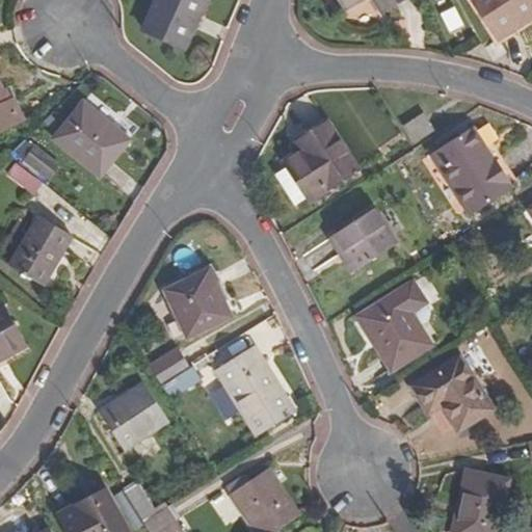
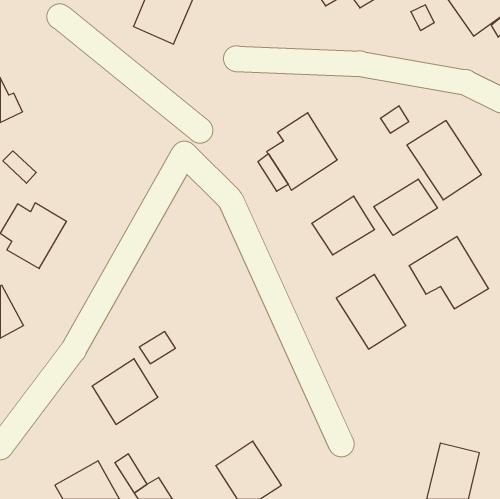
building: [53,102,130,177] -> none
building: [18,140,60,183] -> none
building: none -> [374,179,438,235]
building: [164,268,232,338] -> none
building: [216,347,295,435] -> none
building: [409,353,494,430] -> [409,236,489,309]

